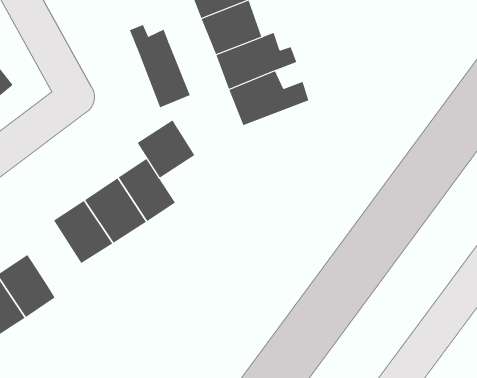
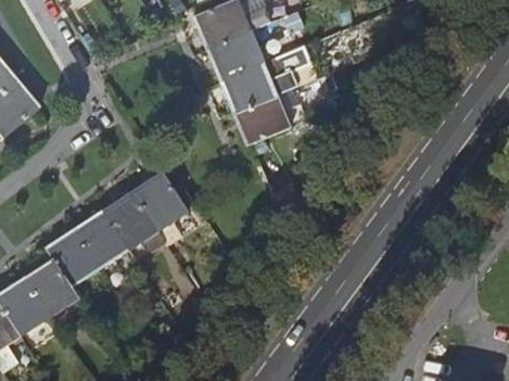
building: [129,24,190,108] -> none
building: [137,119,195,178] -> none
building: none -> [47,229,101,288]

